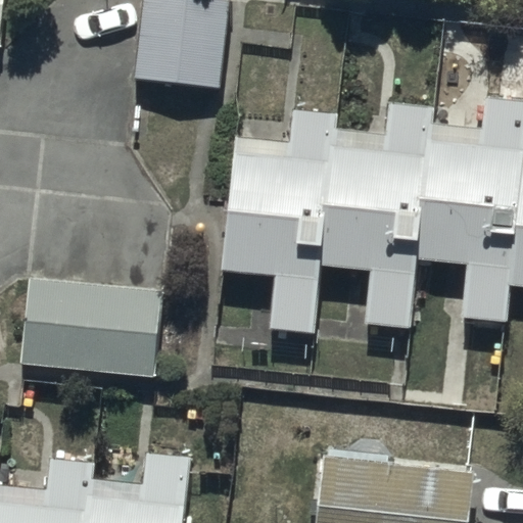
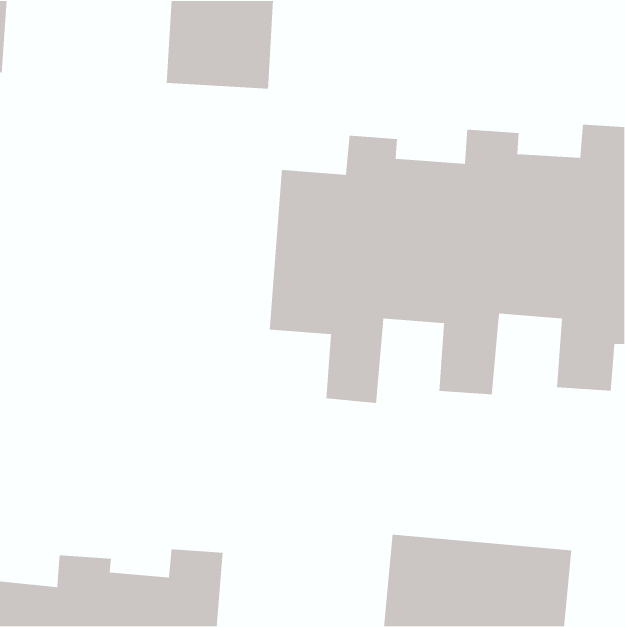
building: [22,279,160,378] -> none

